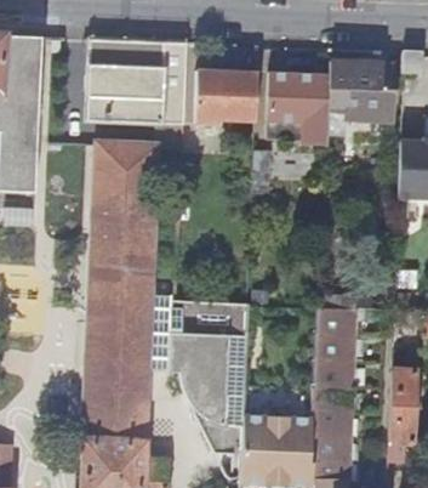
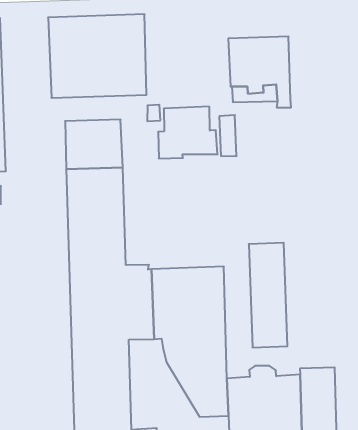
building: [326,62,392,138] -> none
building: [195,72,255,123] -> [158,107,218,158]
building: [316,306,355,412] -> [249,243,287,347]

